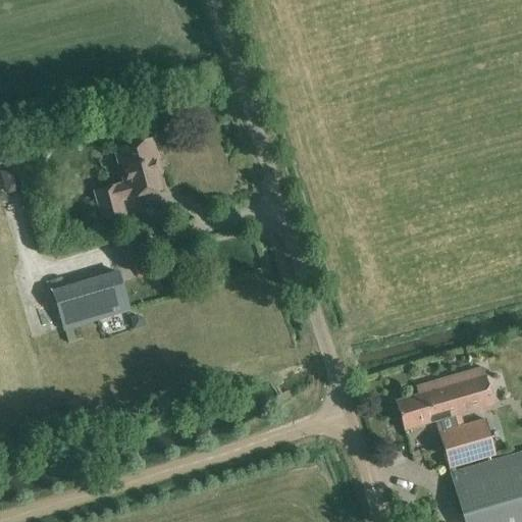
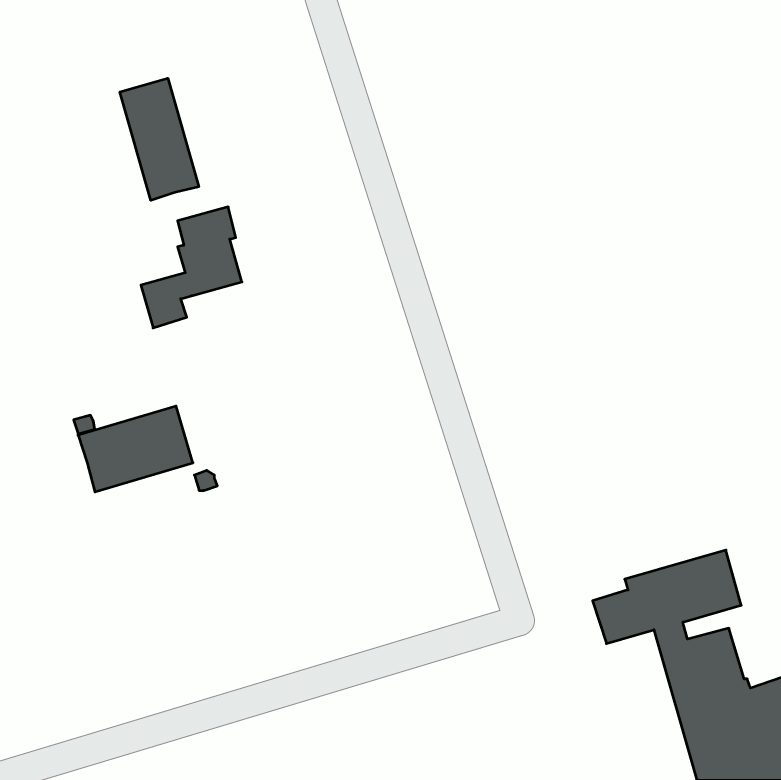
building: none -> [120,78,199,200]

